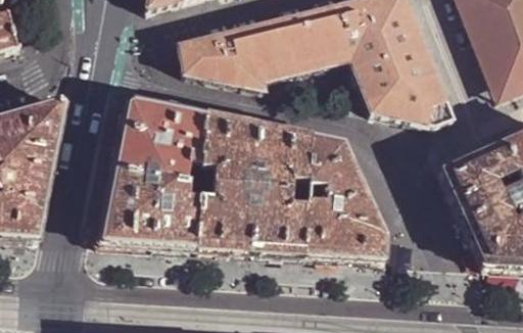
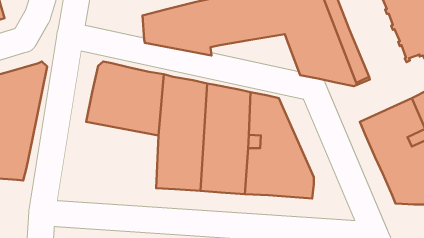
building: [99,171,199,250] -> none

